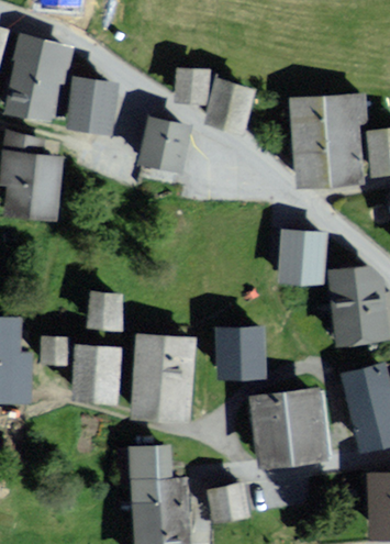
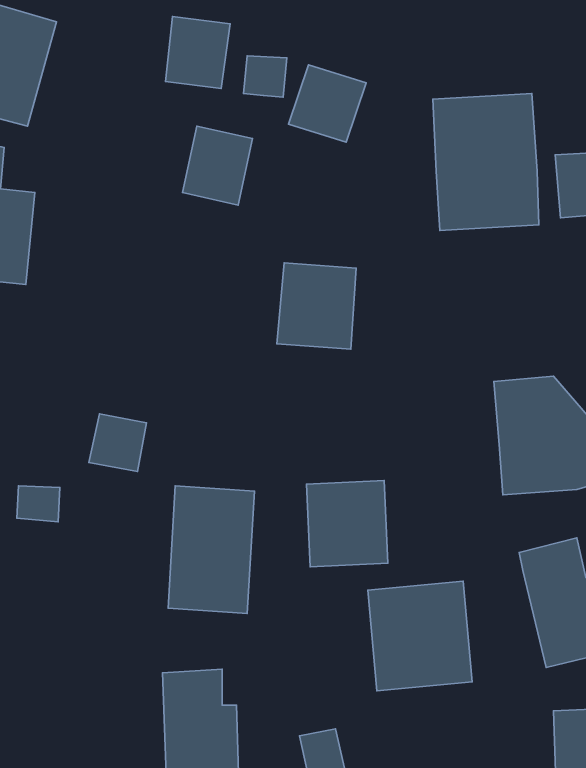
building: [68,79,108,123] -> [165,17,230,89]
building: [280,236,328,289] -> [277,263,356,349]
building: [74,345,112,397] -> none

